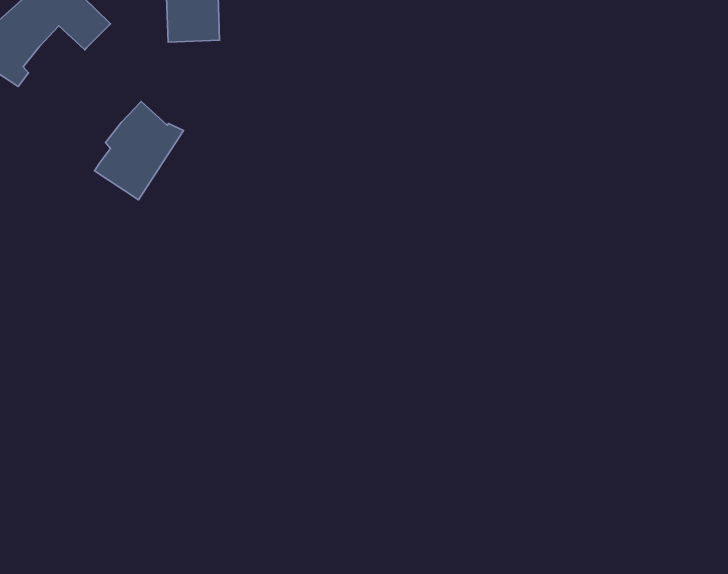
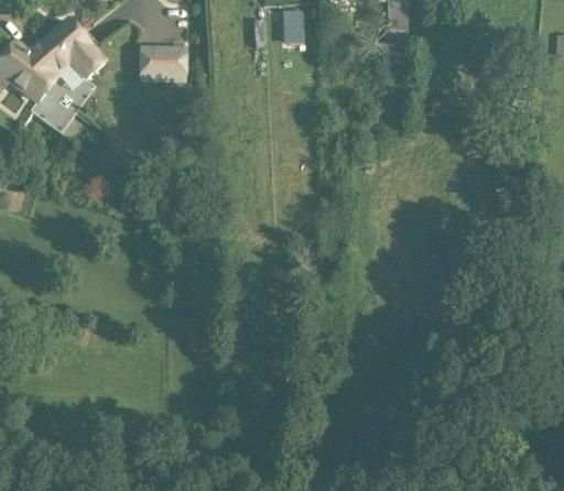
building: [94,101,184,200] -> [32,59,95,127]

